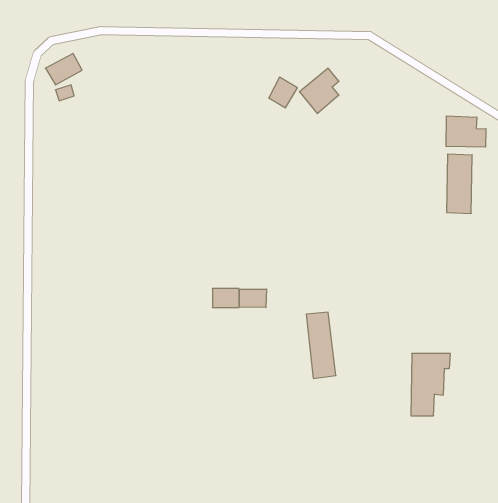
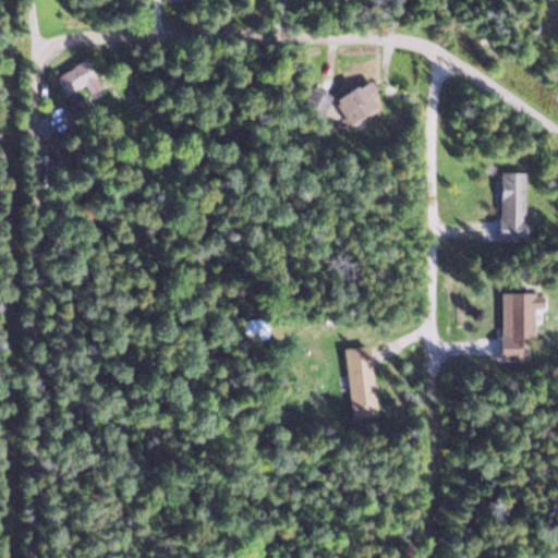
building: [446,116,486,147] -> none
building: [239,289,267,308] -> none
building: [411,354,450,416] -> [500,292,544,361]

